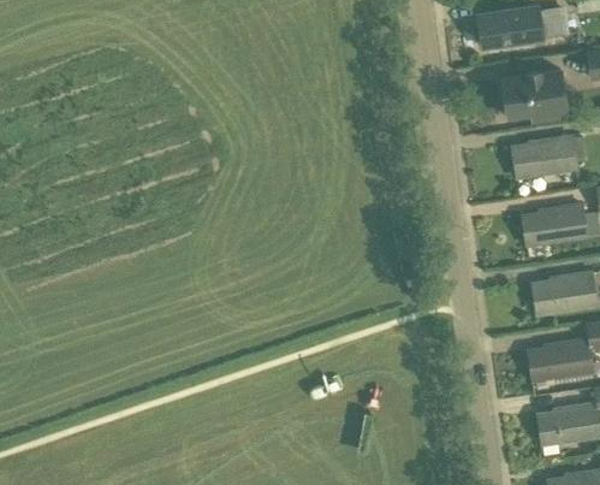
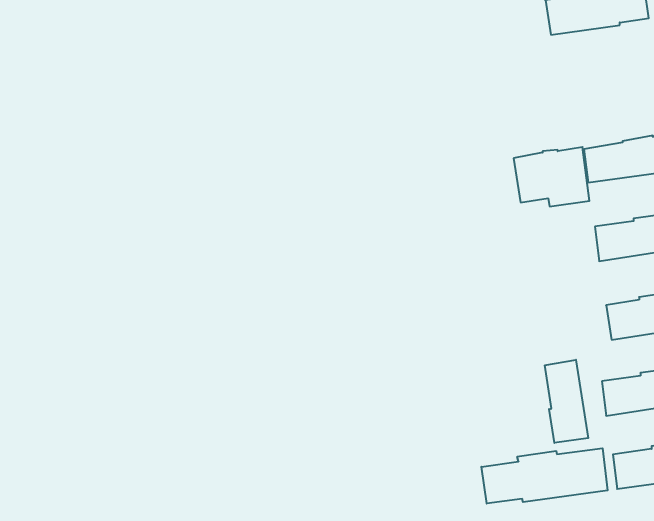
building: [501,69,568,120] -> [514,147,589,206]
building: none -> [545,360,588,443]
building: none -> [481,448,608,504]

